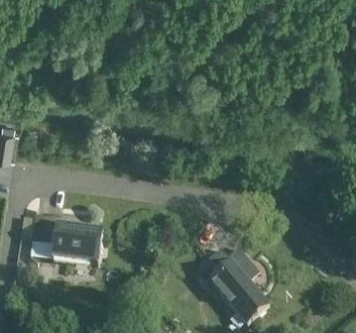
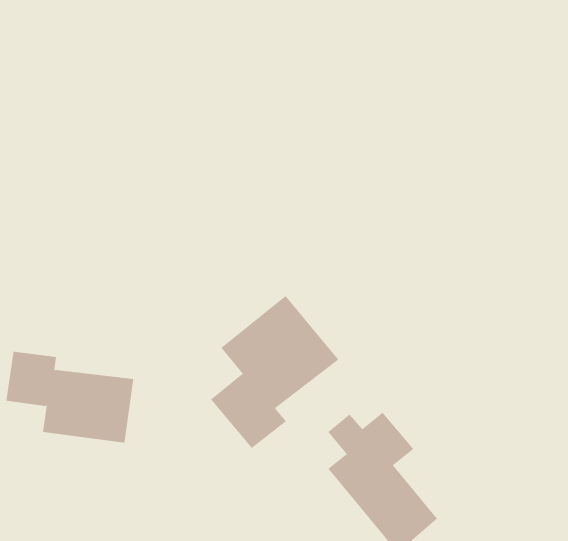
building: none -> [210,295,339,449]

